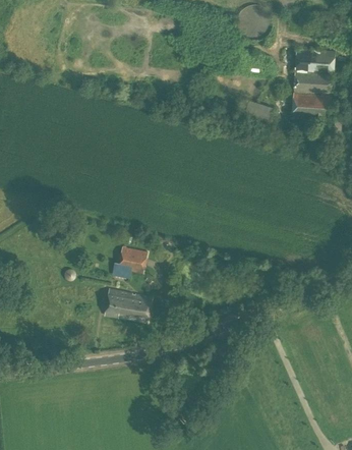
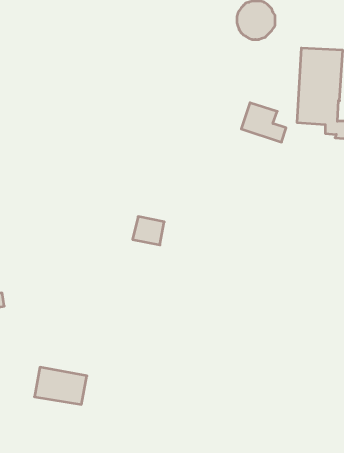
building: [117,245,146,272] -> [133,217,164,245]
building: [104,287,153,322] -> [34,367,87,404]

